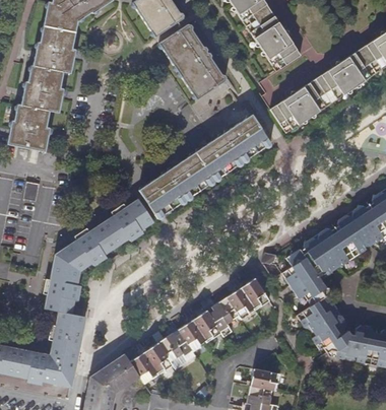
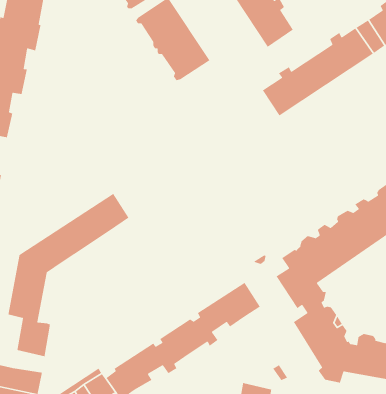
building: [138,115,269,219] -> none
building: [49,339,77,358] -> none

